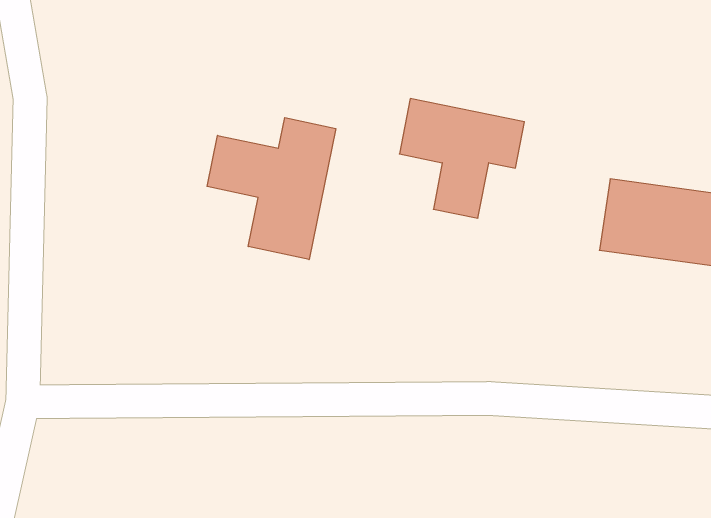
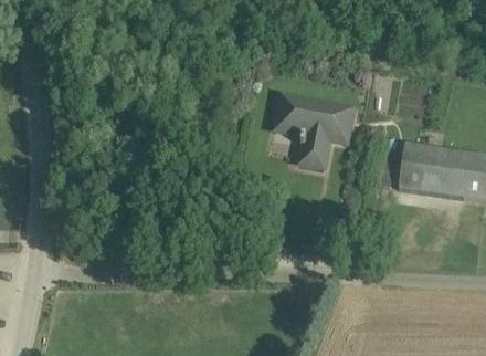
building: [207,118,336,260] -> none

